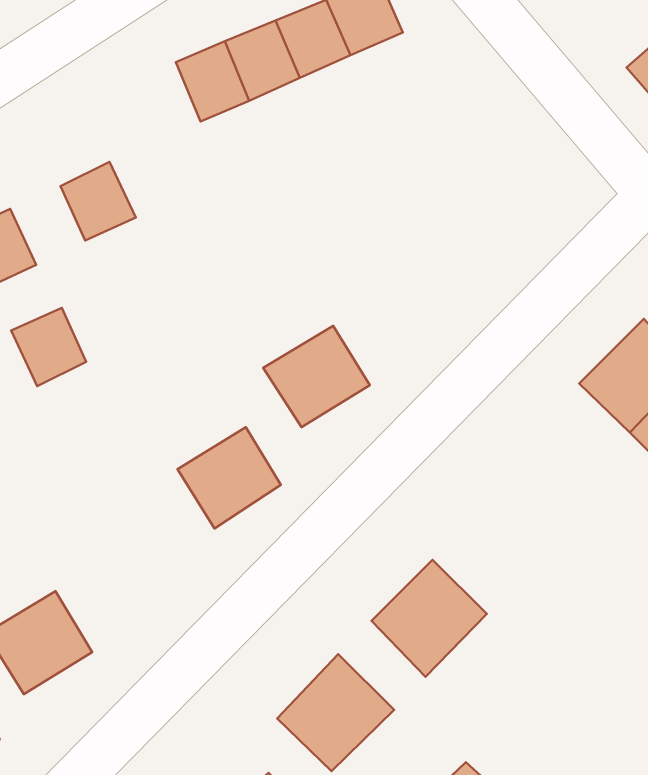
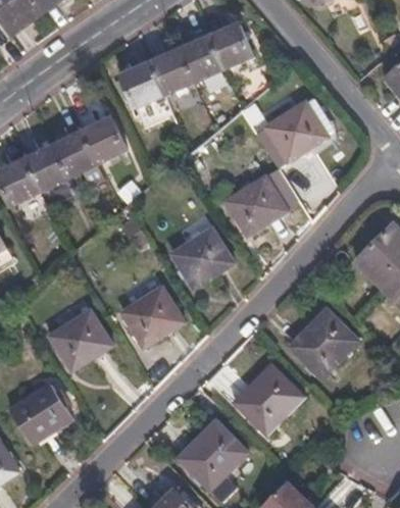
building: none -> [265,100,327,160]
building: none -> [82,117,127,164]
building: none -> [226,176,286,235]
building: [11,308,86,386] -> [23,146,67,192]
building: none -> [49,308,110,368]
building: none -> [290,308,358,378]

